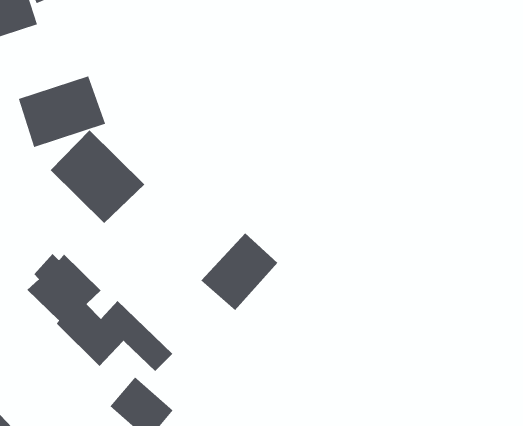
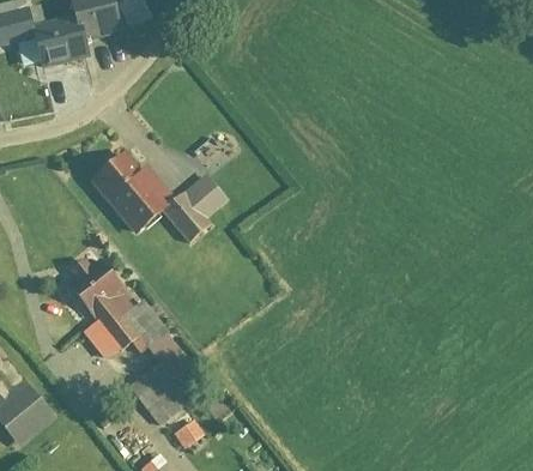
building: [18,75,106,148] -> none
building: [201,232,278,311] -> [159,173,228,240]

